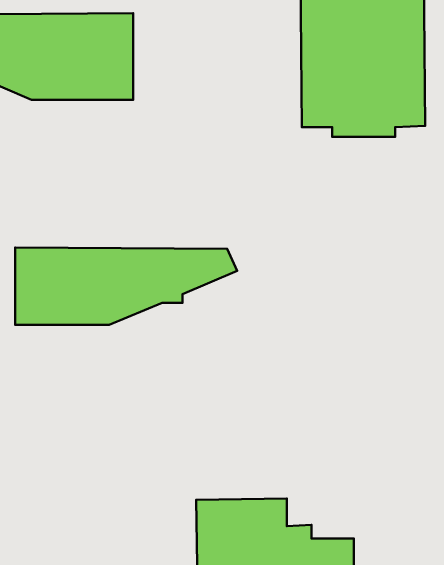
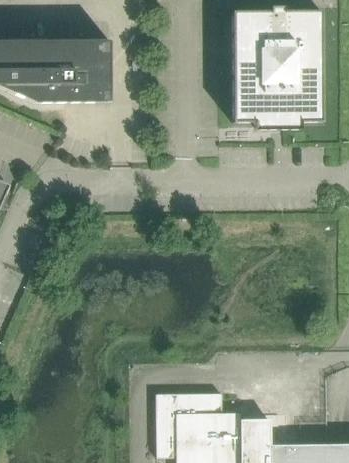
building: [15,248,237,325] -> none

